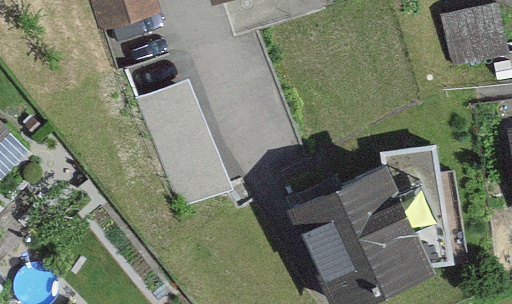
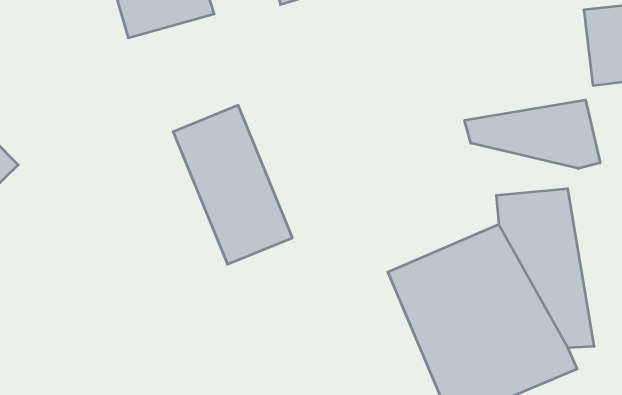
building: none -> [465,100,600,169]

